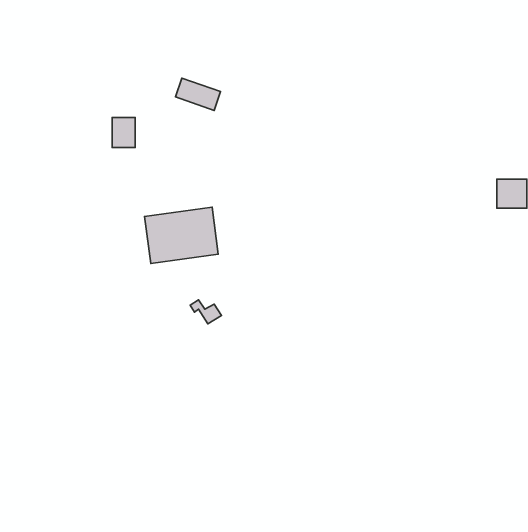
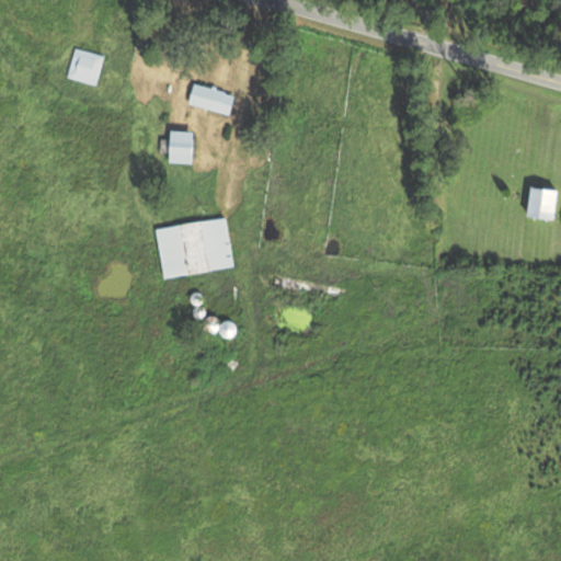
building: none -> [69,48,105,84]
building: [112,117,135,148] -> [167,131,191,163]

